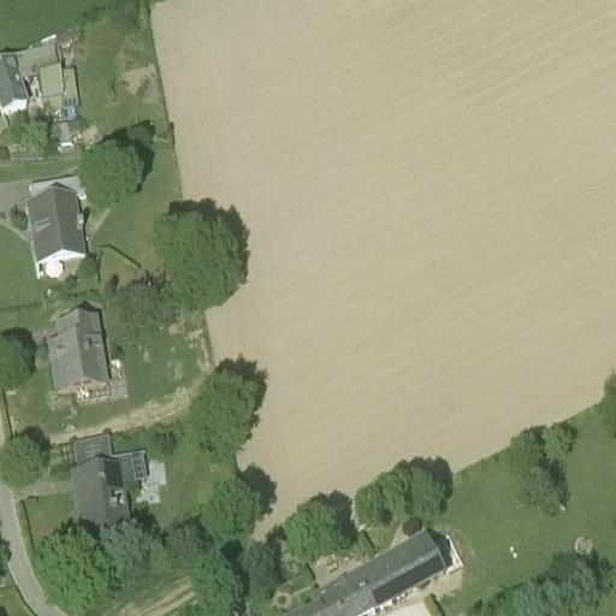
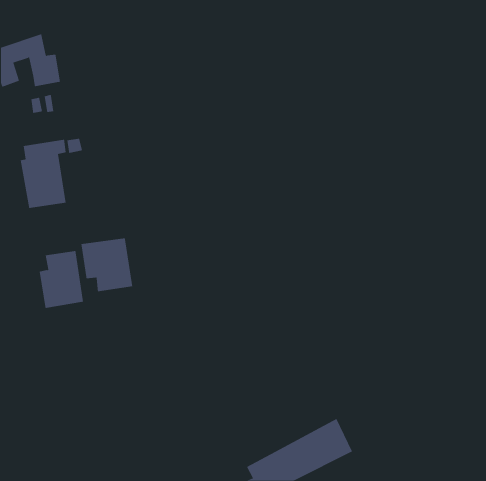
building: none -> [81,237,133,292]
building: [71,431,146,539] -> none

